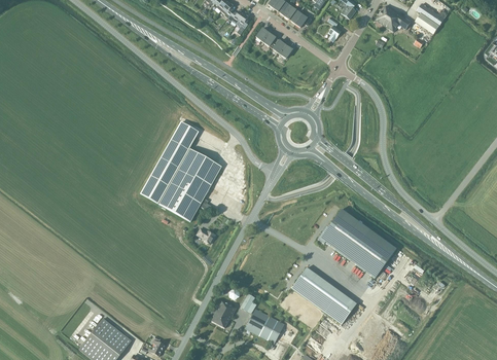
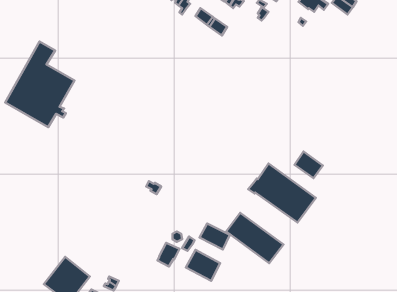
building: [140,121,221,221] -> [5,42,75,127]
building: none -> [295,152,323,178]
building: none -> [200,224,230,249]

